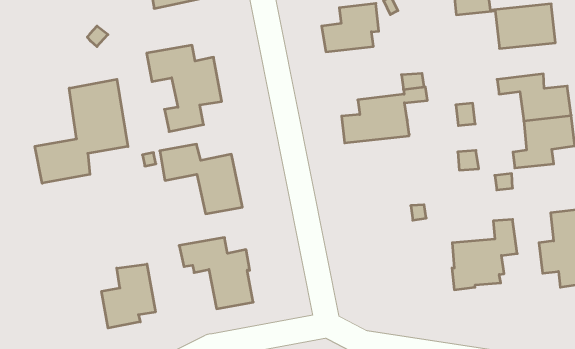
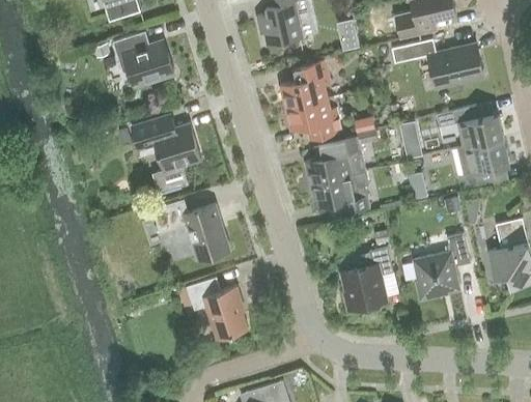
building: none -> [286,98,341,140]
building: [35,79,128,183] -> none
building: none -> [311,172,370,217]
building: none -> [341,247,393,311]
building: [102,264,155,328] -> none

